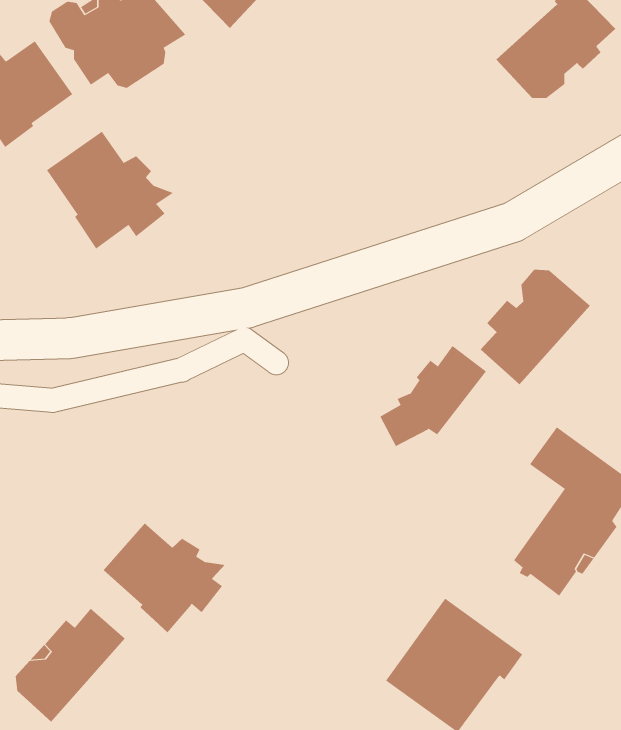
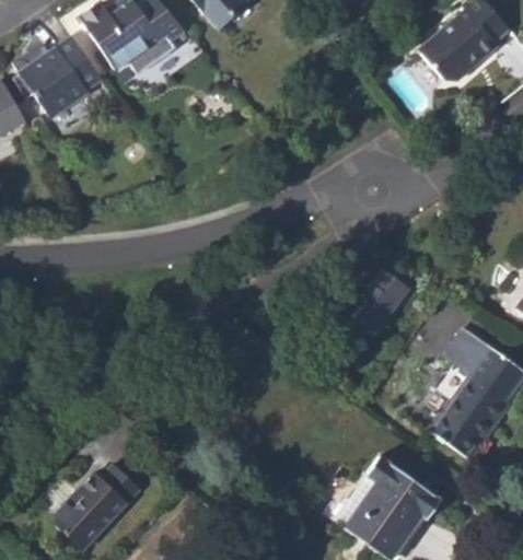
building: [46,131,174,249] -> none
building: [480,269,591,385] -> none
building: [103,523,226,633] -> none

